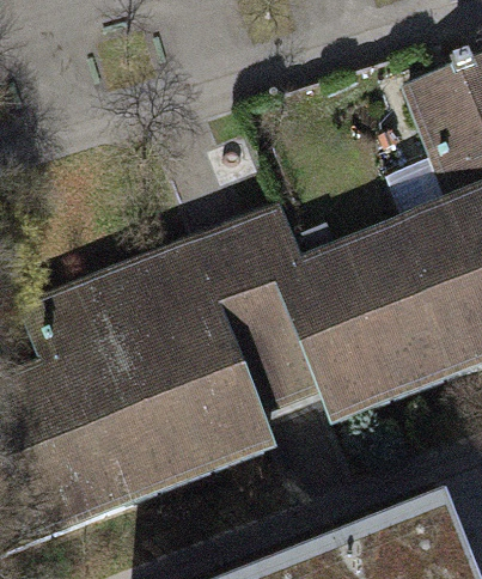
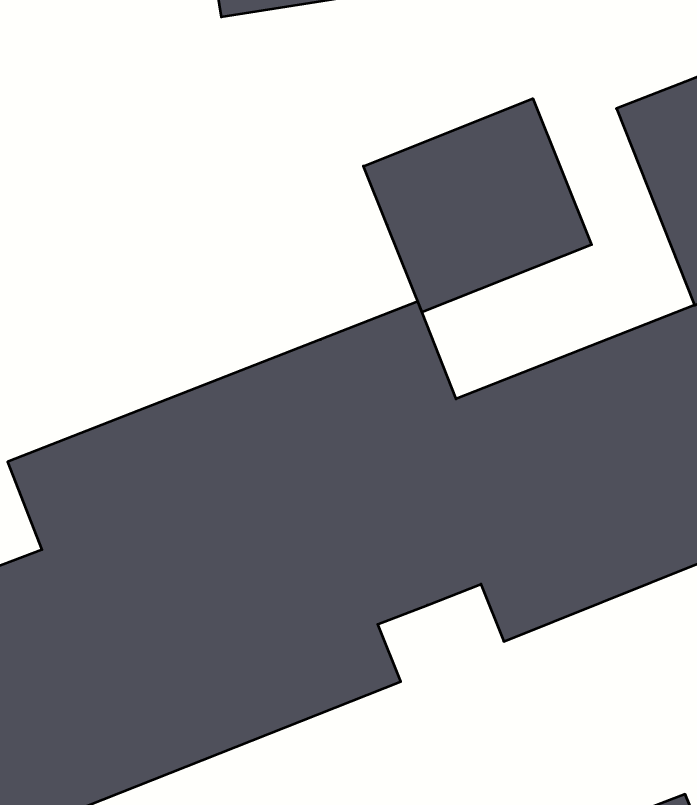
building: none -> [363,99,592,312]

